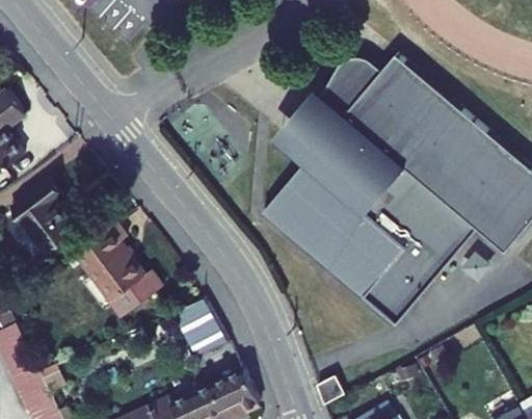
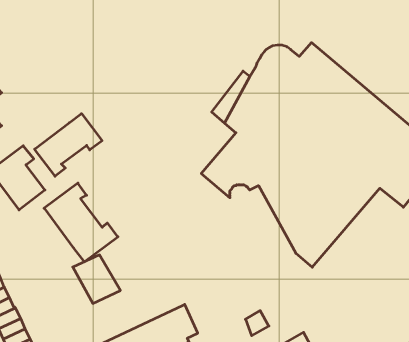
building: none -> [35,114,102,176]
building: [297,226,376,308] -> none
building: [171,298,229,357] -> [73,255,120,303]

